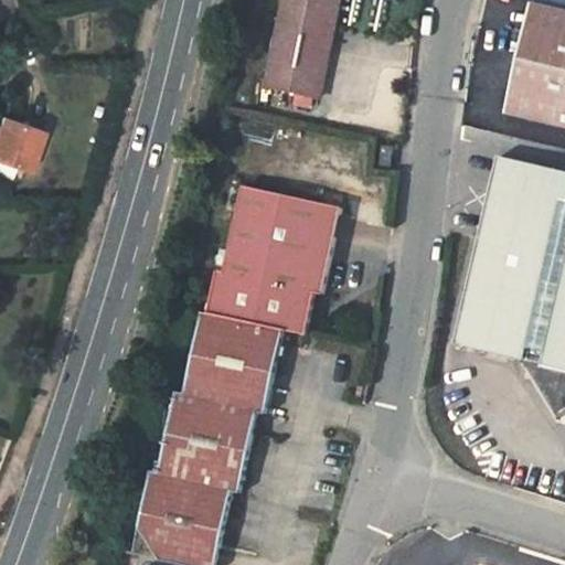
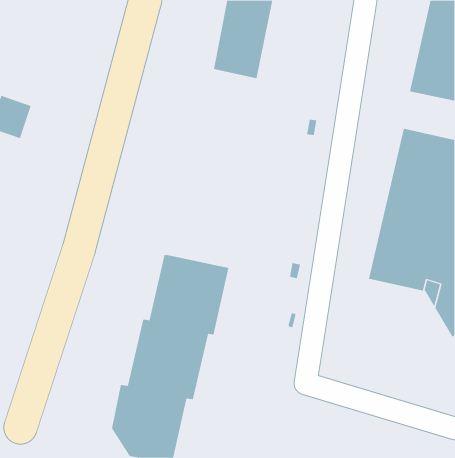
building: [205,185,341,335] -> none

